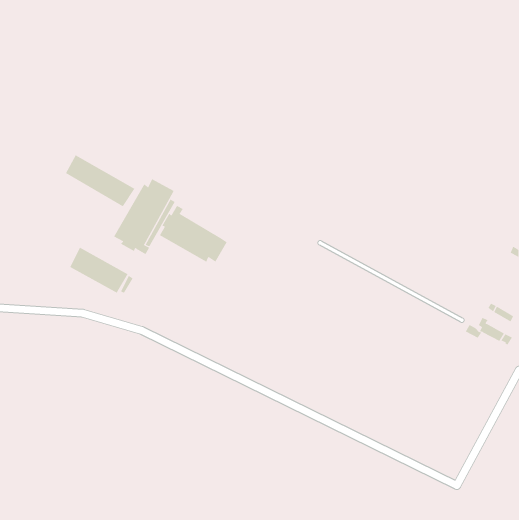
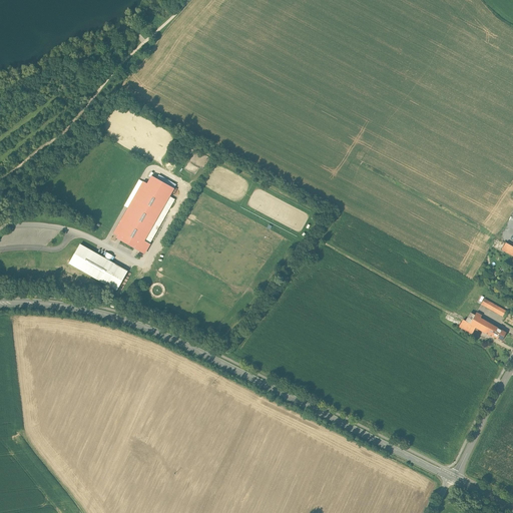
building: [65,155,135,207] -> none
building: [159,205,228,262] -> none

